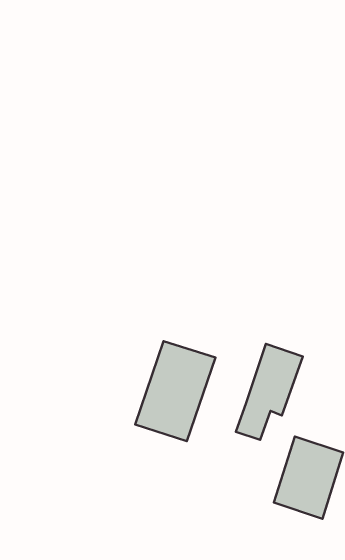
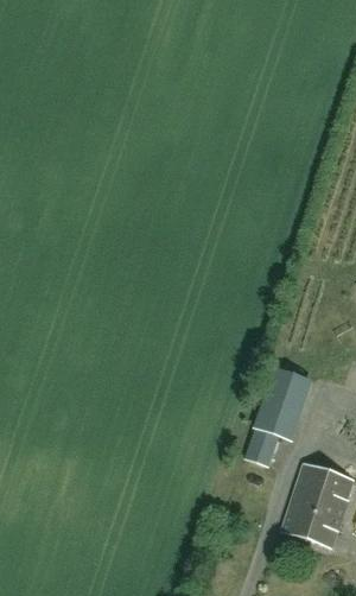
building: [135,341,215,441] -> none

